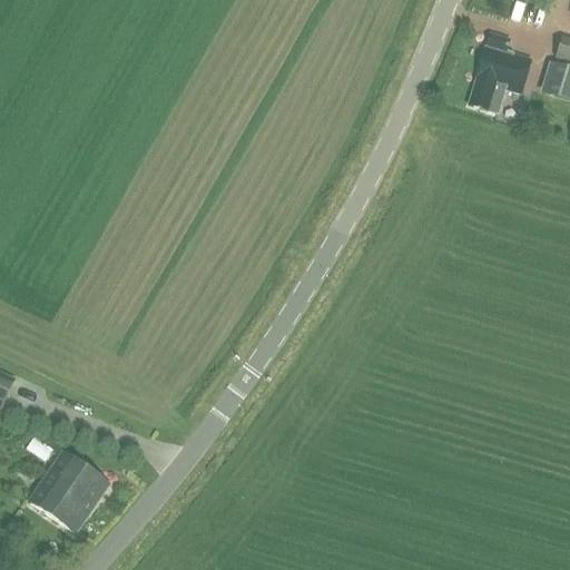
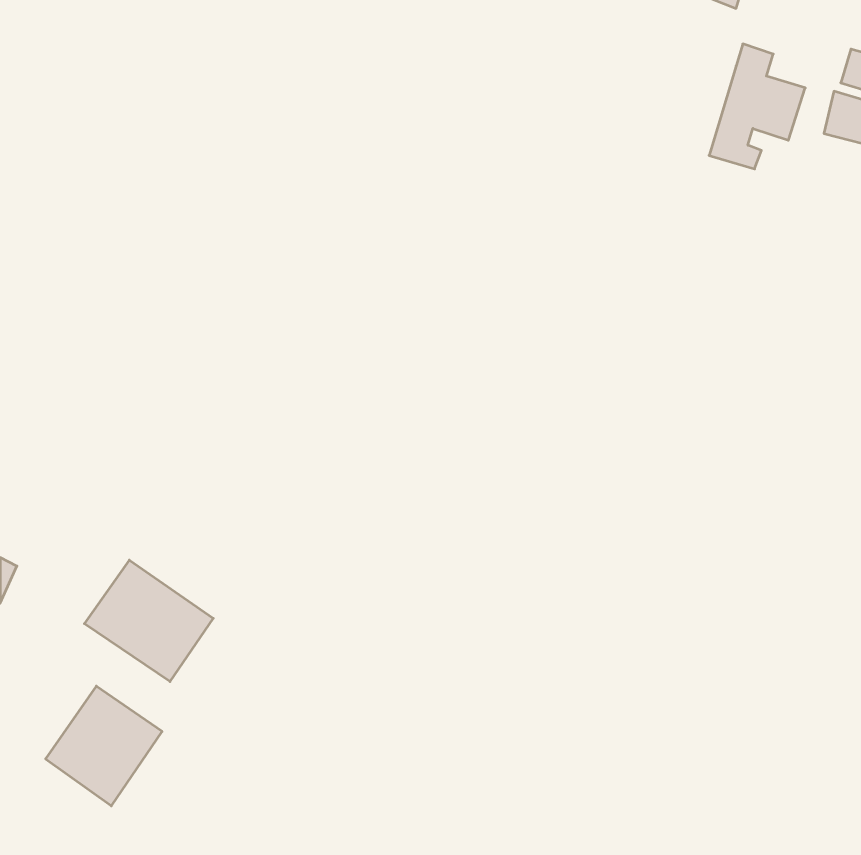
building: none -> [84,560,213,682]

